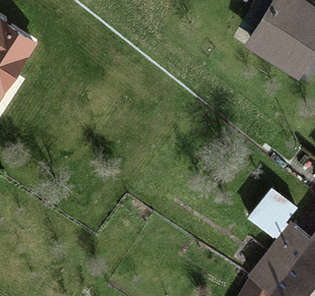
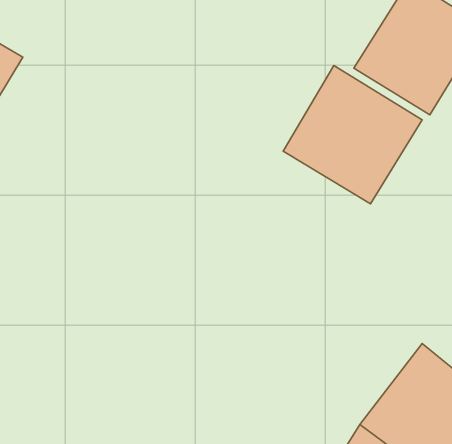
building: none -> [283,65,422,204]

